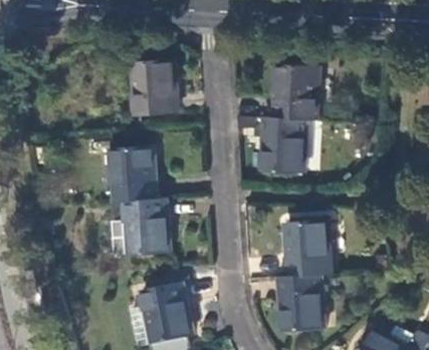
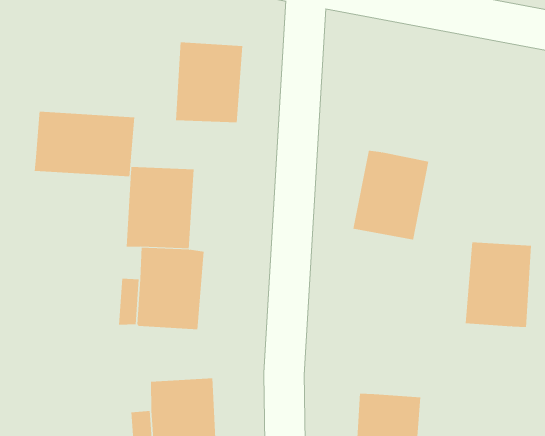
building: [271,65,316,121] -> none
building: none -> [34,111,135,177]
building: [285,221,330,278] -> [465,242,532,327]

